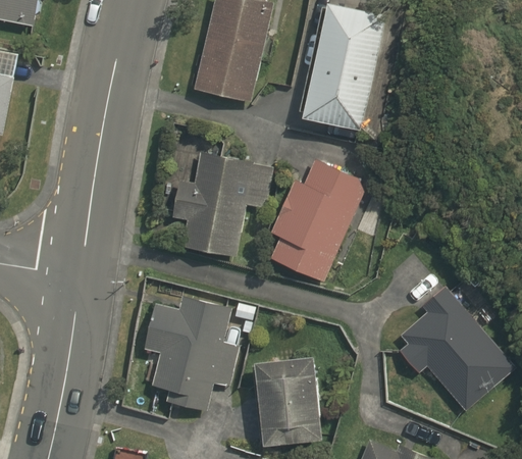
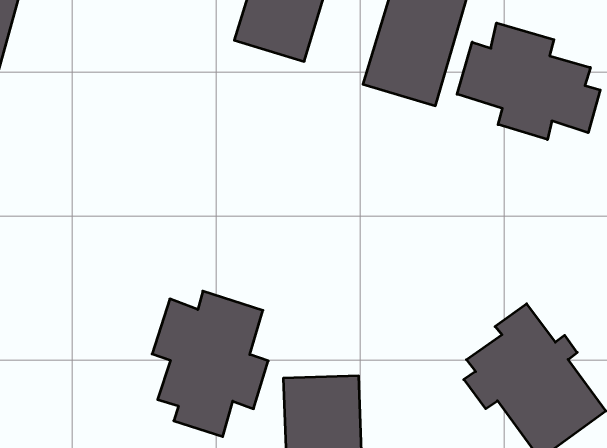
building: none -> [457,23,600,140]
building: [171,153,274,257] -> none
building: [269,159,367,283] -> none

